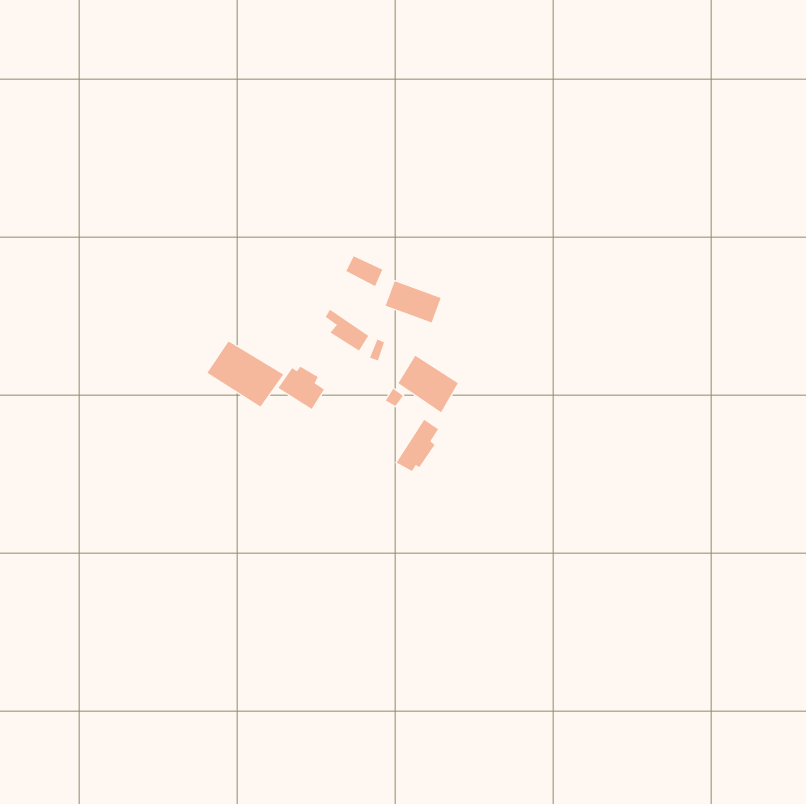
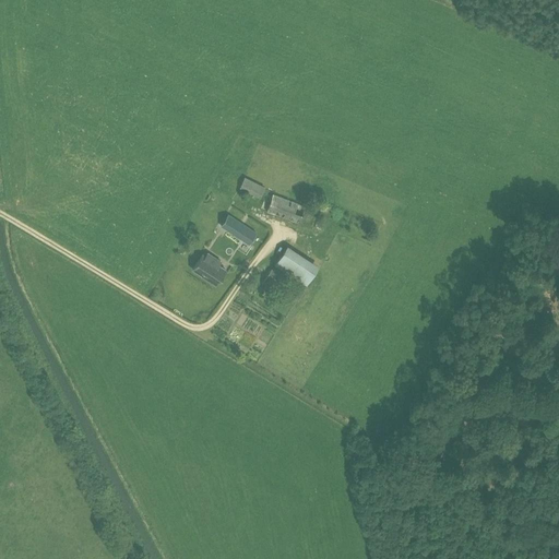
building: [207,341,284,407] -> none
building: [396,419,439,472] -> none

